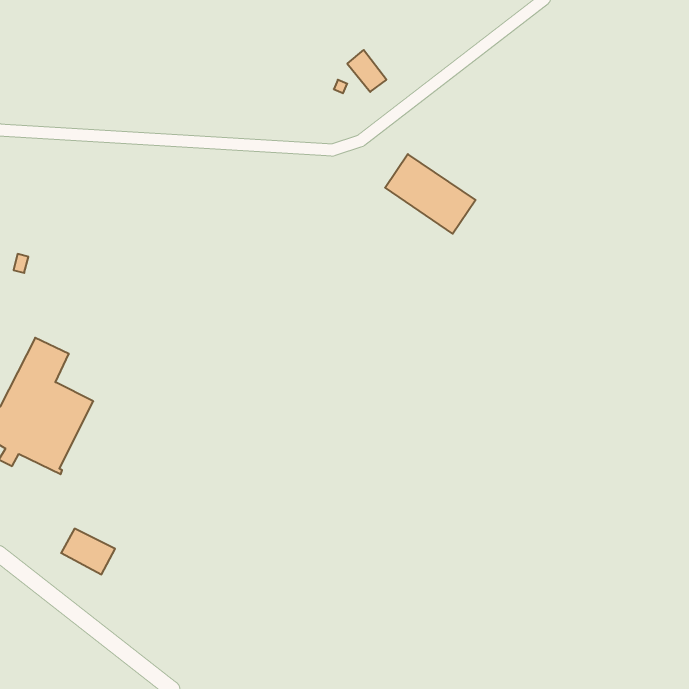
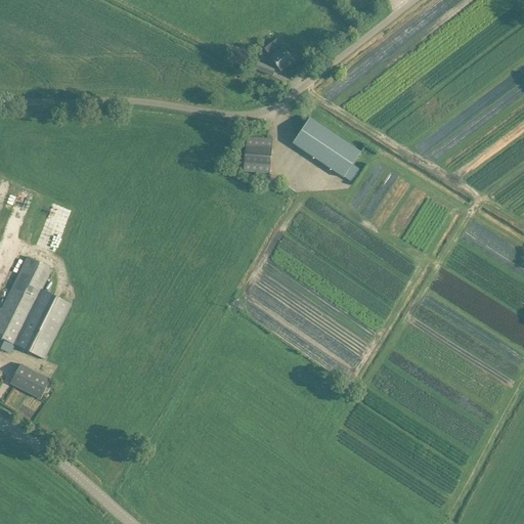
building: none -> [243,136,272,172]
building: [61,529,115,574] -> [9,363,50,398]

